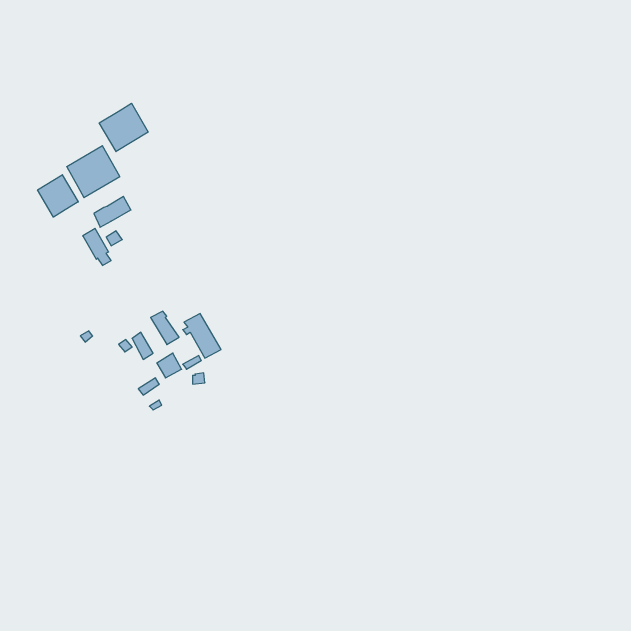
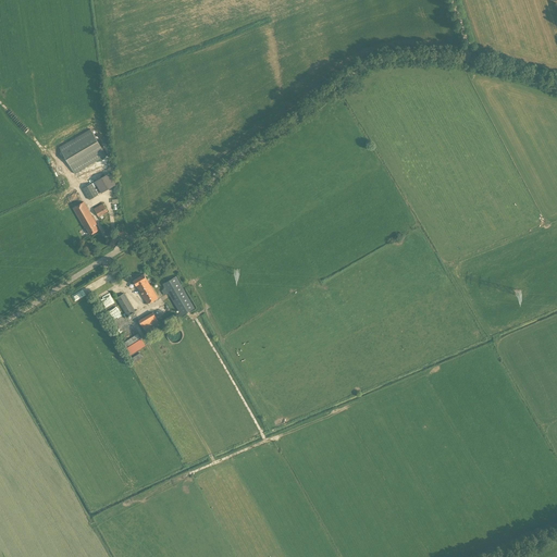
building: [99,103,148,152] -> none
building: [38,175,78,217] -> none

